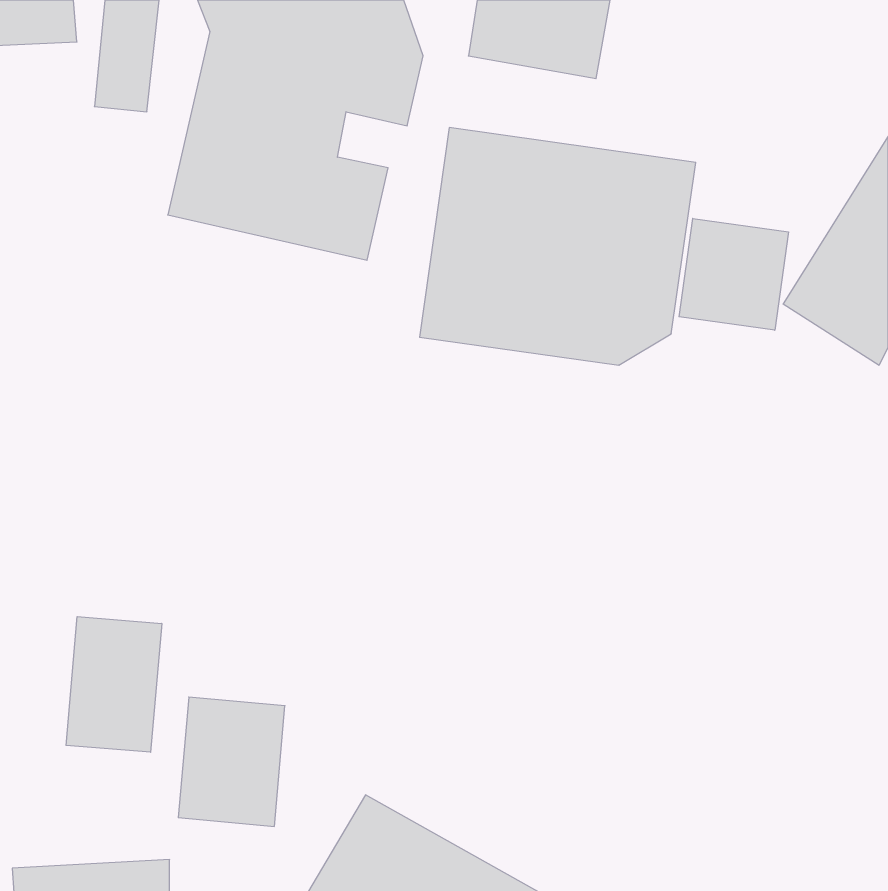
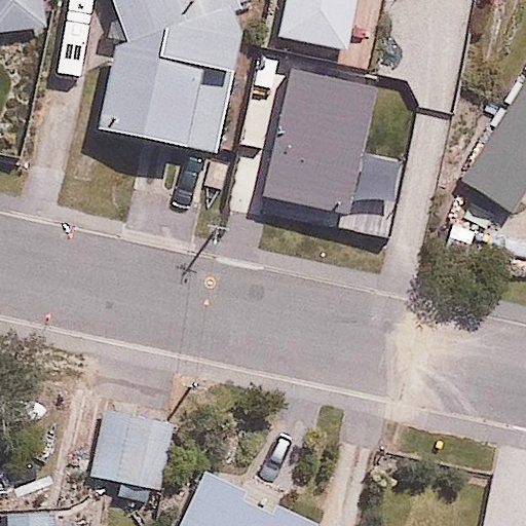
building: [679,218,788,330] -> none
building: [66,617,162,752] -> none

